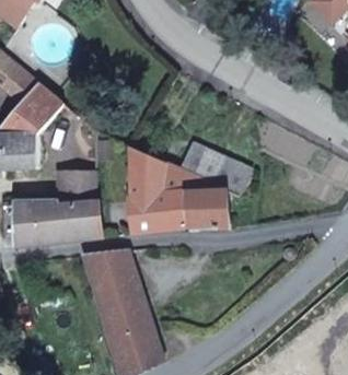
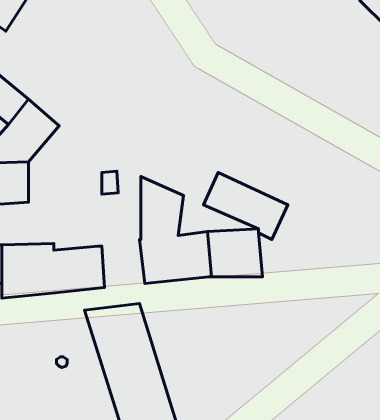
building: [160,161,225,194] -> none
building: [58,172,94,206] -> none

